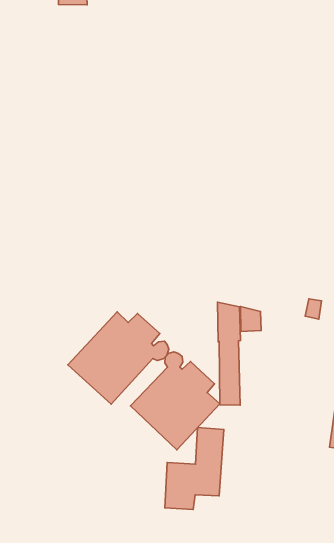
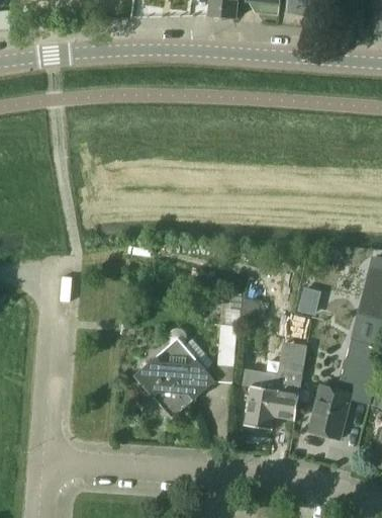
building: [68,312,169,404] -> none
building: [165,428,224,510] -> [245,355,304,428]

